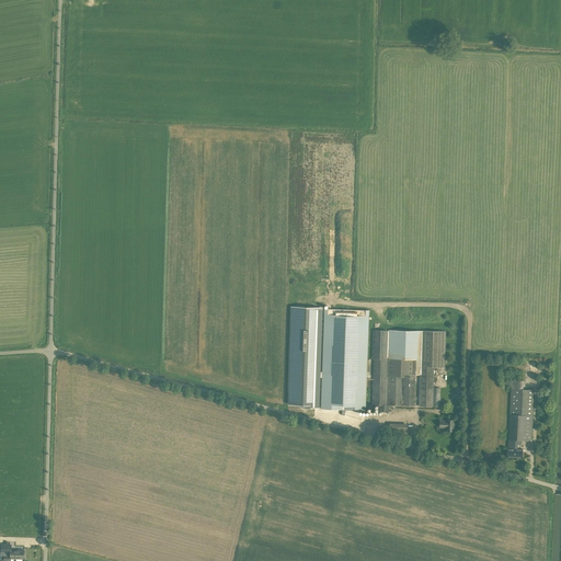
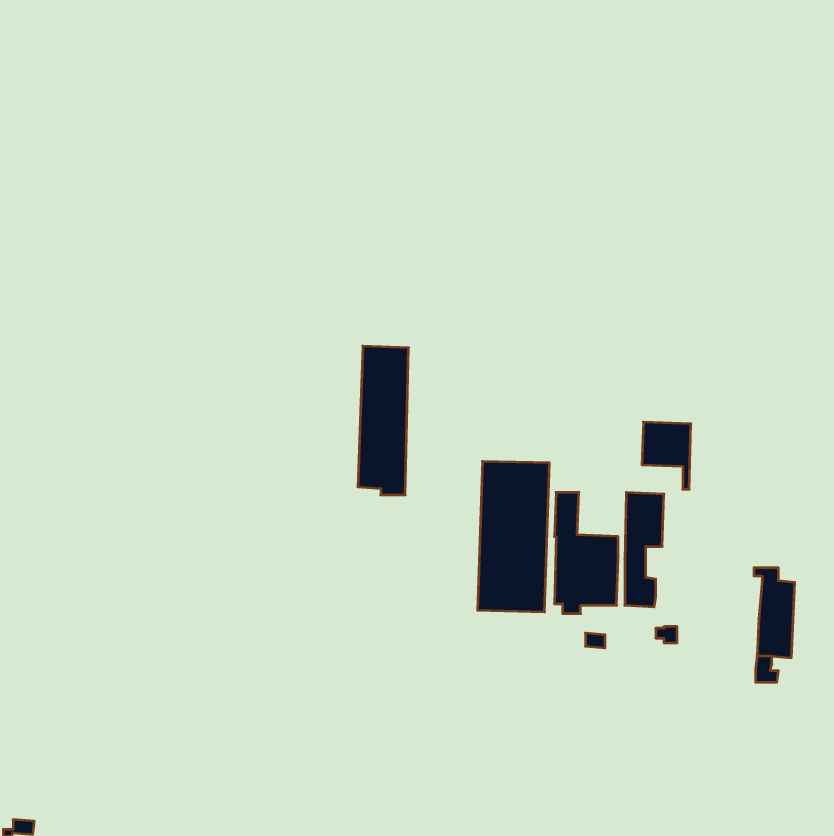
building: [287,308,321,408] -> [358,346,409,495]
building: [387,330,420,375] -> [642,422,691,489]

